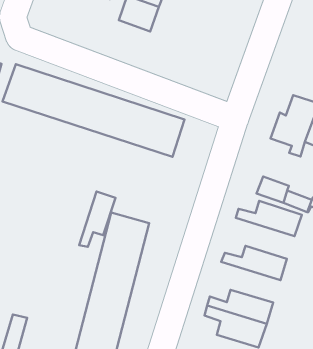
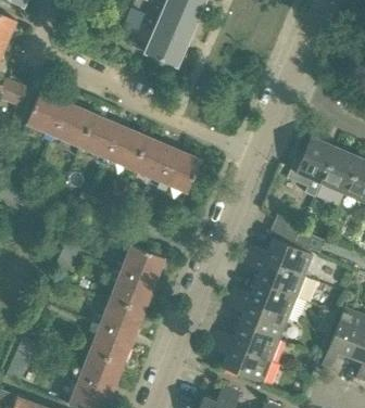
building: [79,192,115,247] -> none
building: none -> [244,255,305,298]
building: none -> [228,297,289,341]

